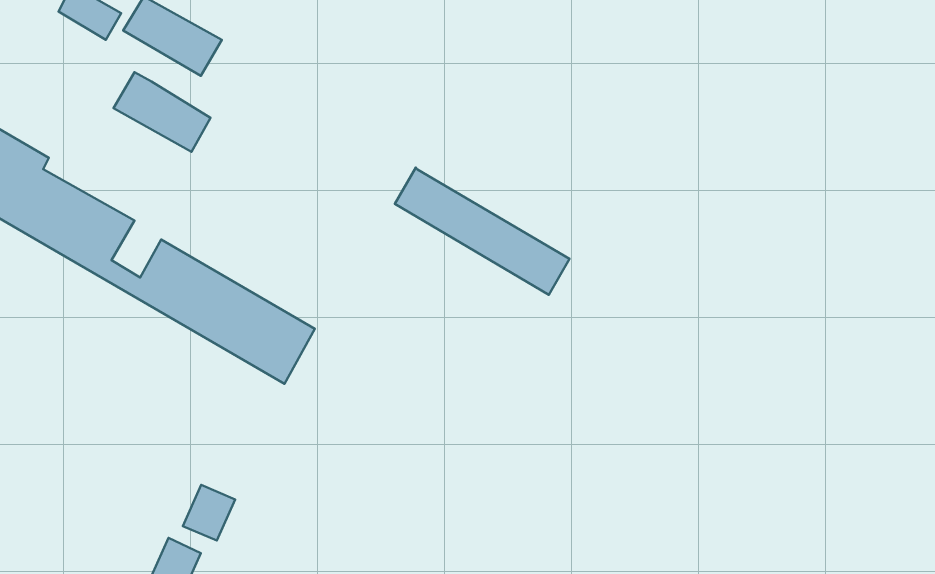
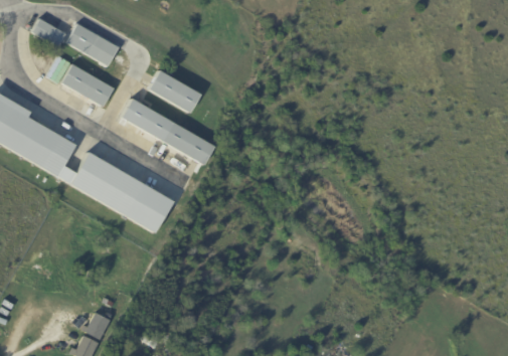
building: none -> [149,71,201,114]
building: [395,168,570,295] -> [122,99,214,166]
building: [183,485,235,541] -> none

